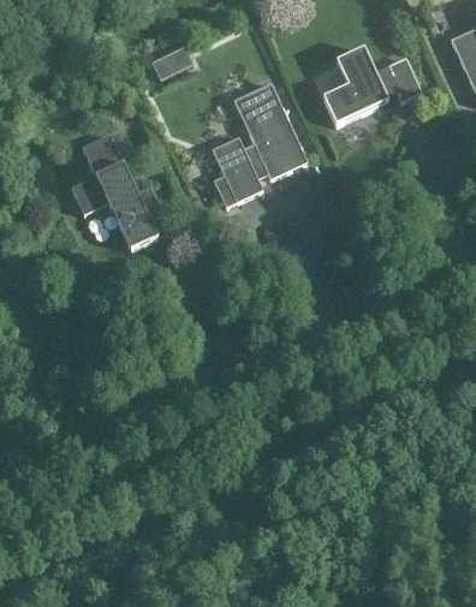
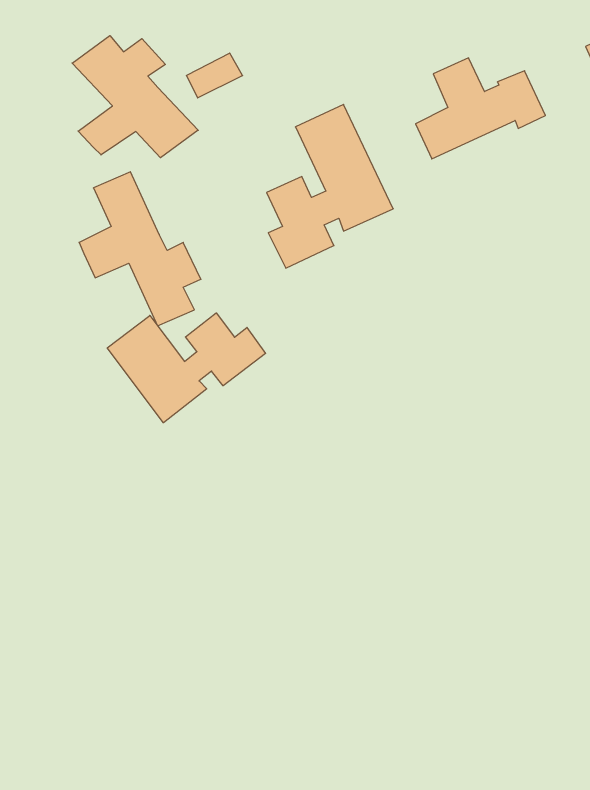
building: none -> [72,36,198,158]
building: none -> [107,313,266,423]

